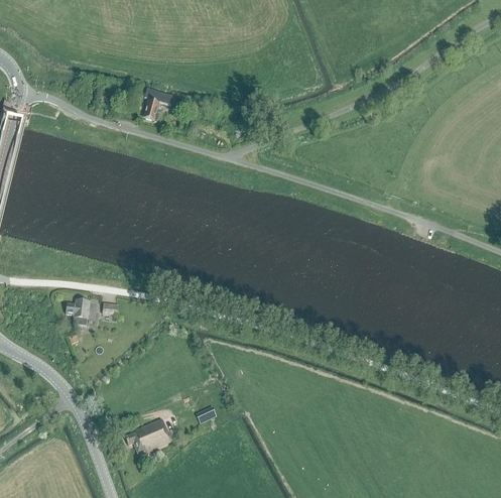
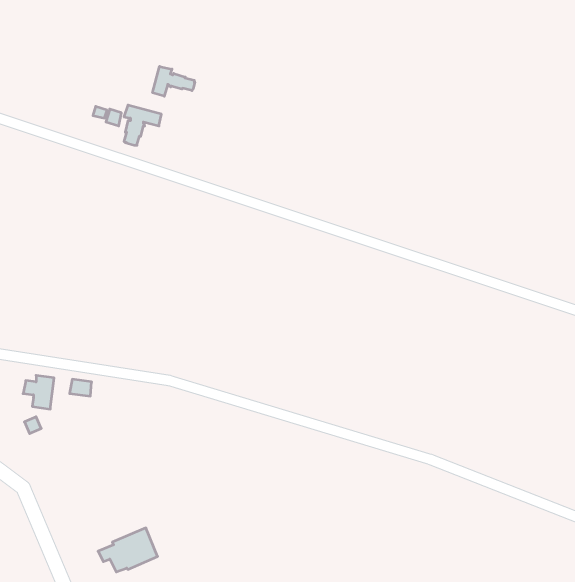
building: none -> [153,66,195,96]

